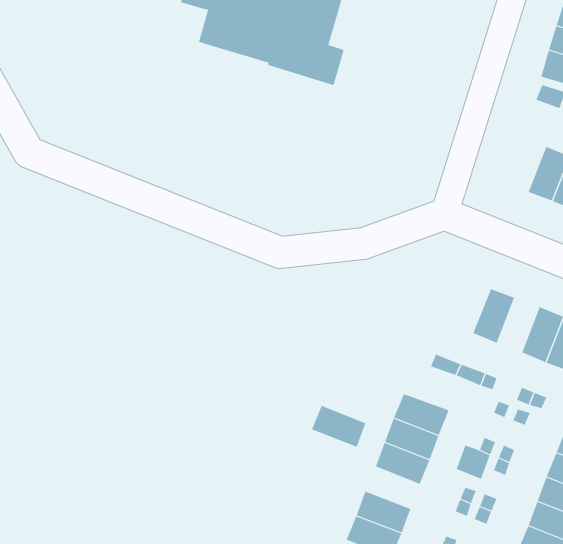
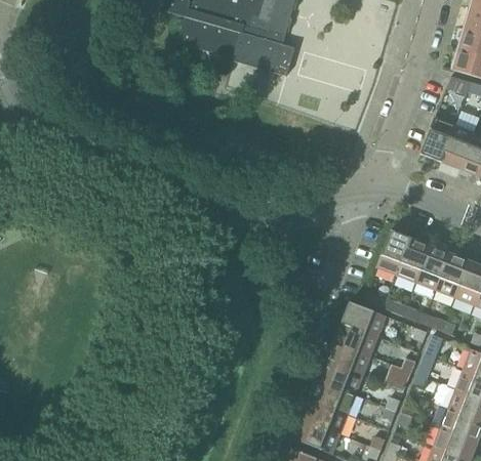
building: none -> [420,117,455,161]
building: none -> [376,229,411,274]
building: none -> [416,245,450,289]
building: none -> [342,301,386,335]
building: [311,405,366,447] -> [311,380,355,414]

